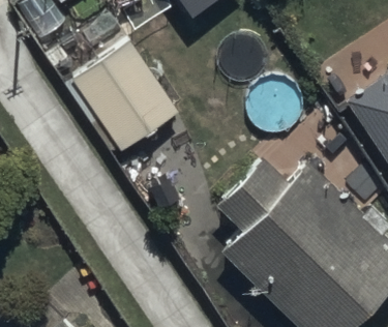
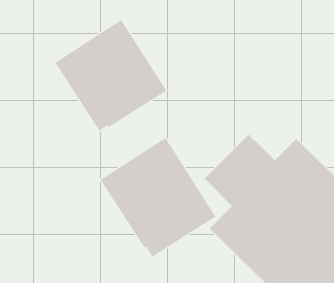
building: none -> [100,137,216,258]

